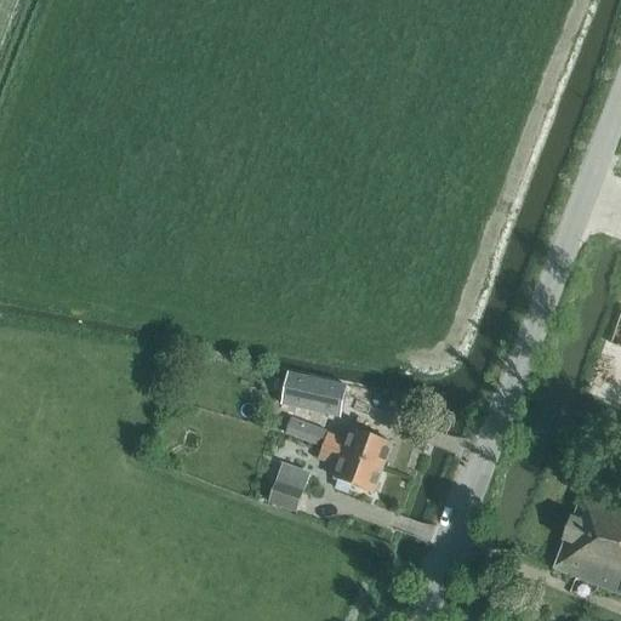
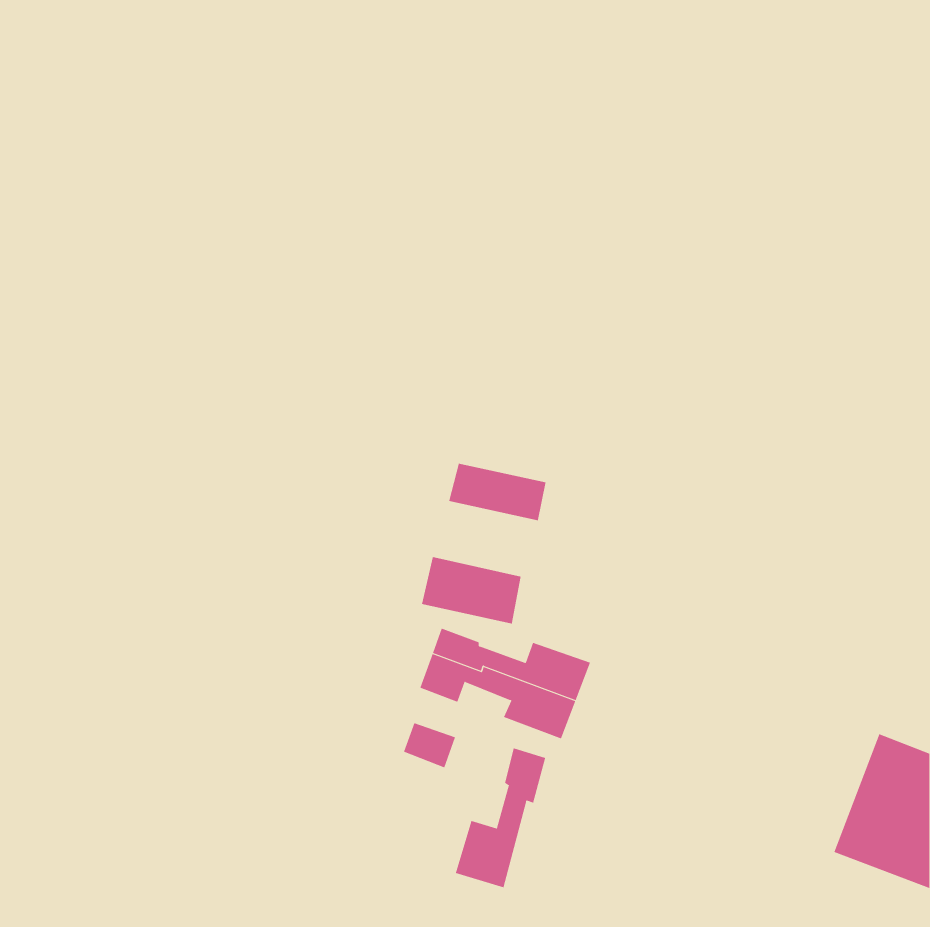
building: none -> [449,463,546,521]
building: none -> [455,747,546,888]

